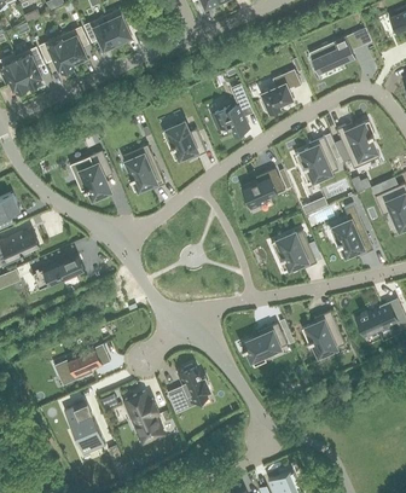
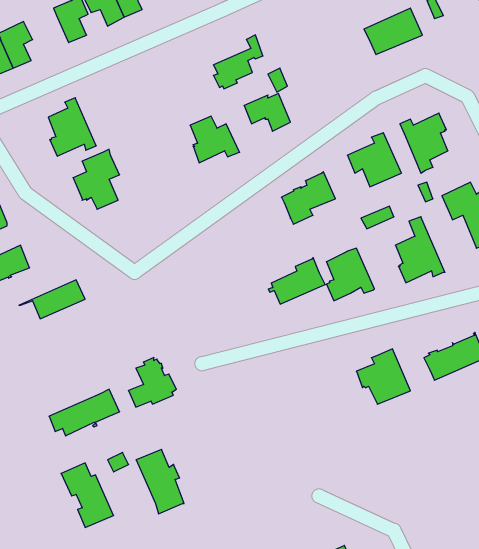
building: [36,36,70,70] -> none
building: [261,69,301,112] -> [213,35,263,89]
building: [127,145,166,192] -> [48,98,96,156]
building: [242,323,288,360] -> [268,258,325,304]
building: [172,365,210,405] -> [128,358,176,407]

